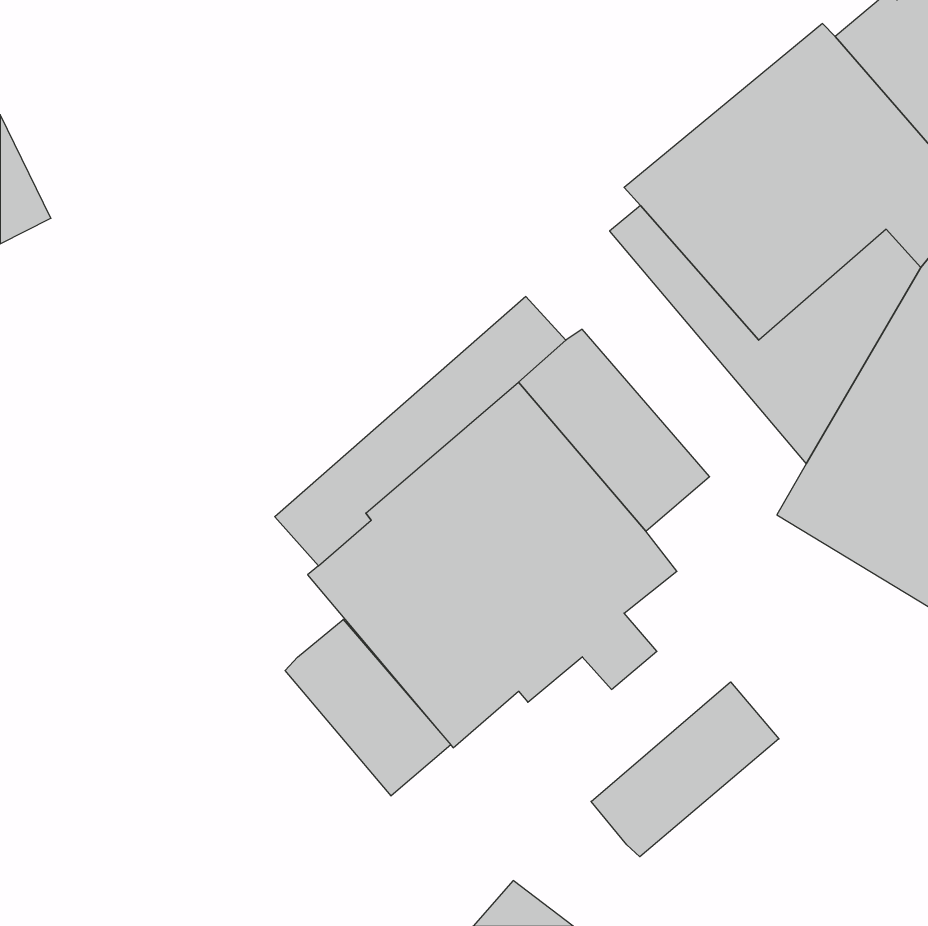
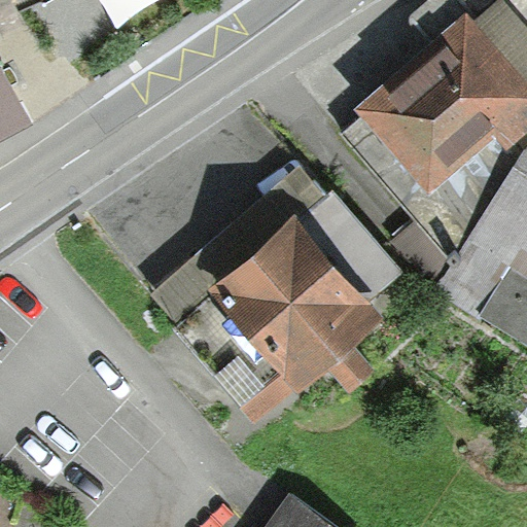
building: [285,619,451,796] -> none
building: [591,682,779,857] -> none

